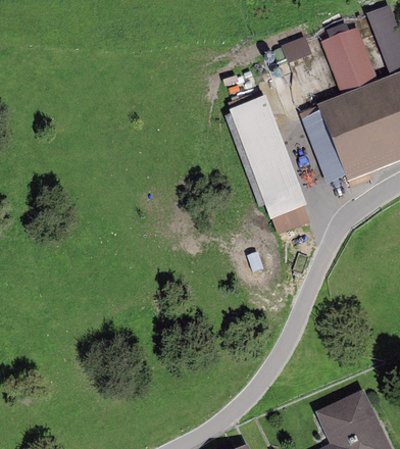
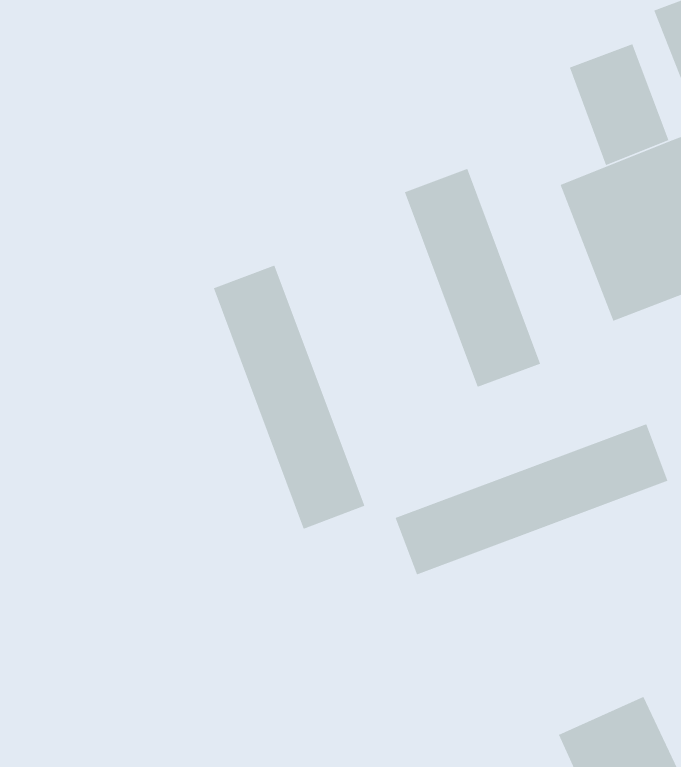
building: none -> [213,264,365,530]
building: none -> [395,423,669,575]

